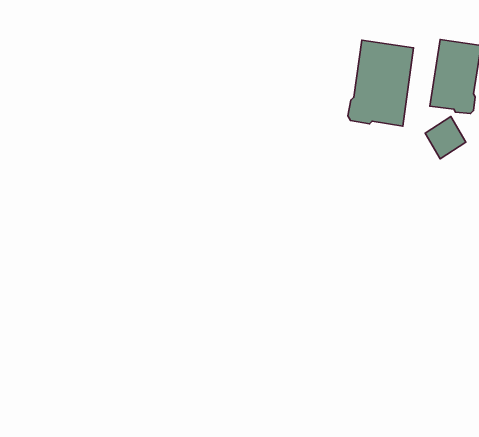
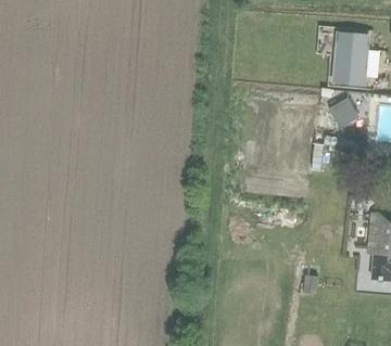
building: [348,40,414,126] -> none

